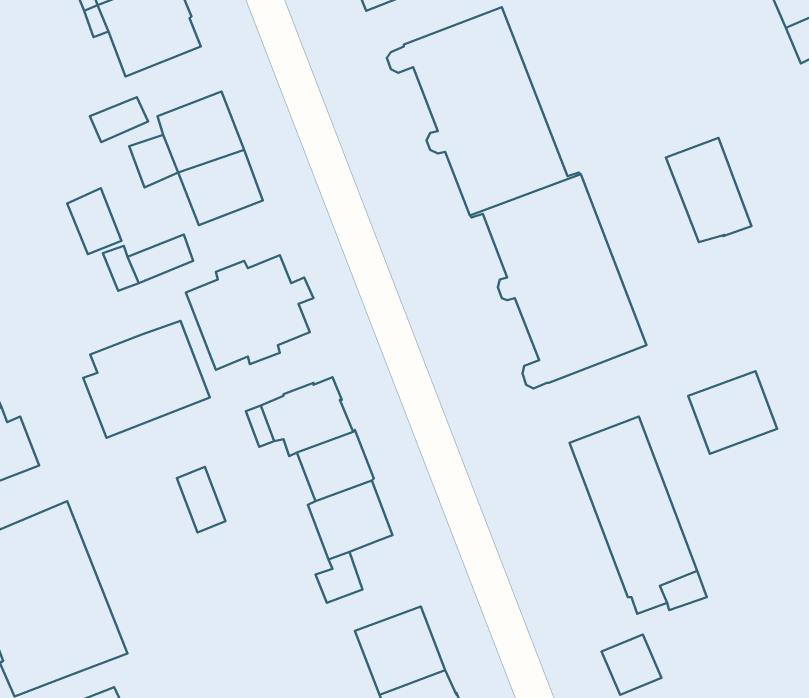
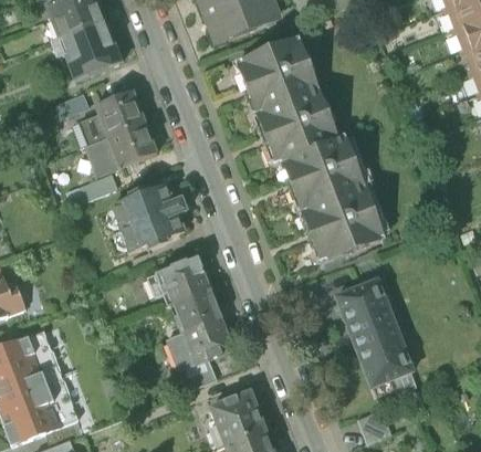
building: [666,138,751,242] -> none
building: [67,188,122,254] -> [87,137,119,176]
building: [83,321,210,438] -> none
building: [688,371,777,454] -> none
building: [177,467,226,533] -> [167,333,196,371]

